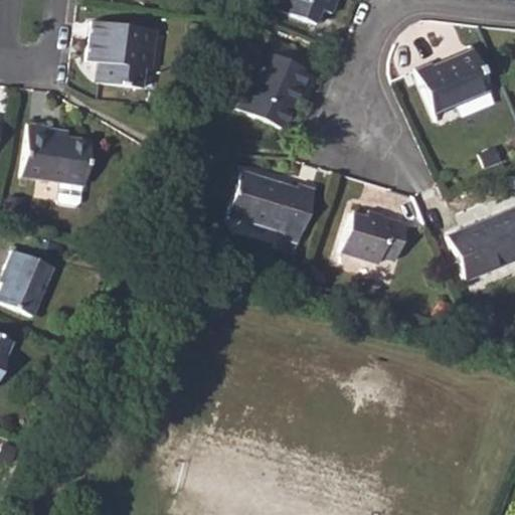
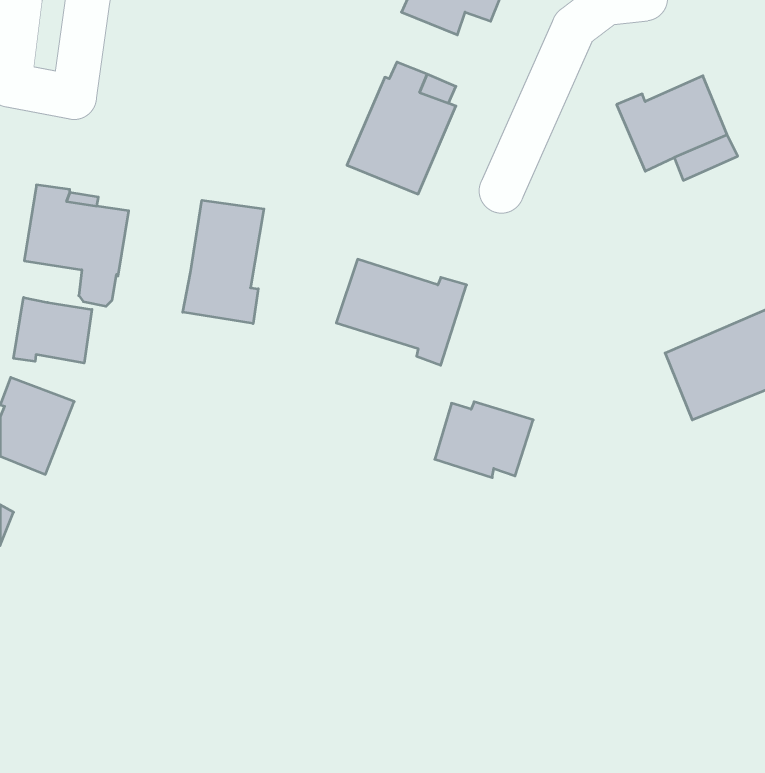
building: [88,21,156,89] -> none
building: none -> [183,200,264,324]
building: none -> [14,297,92,363]
building: [343,211,408,262] -> [435,402,533,478]

